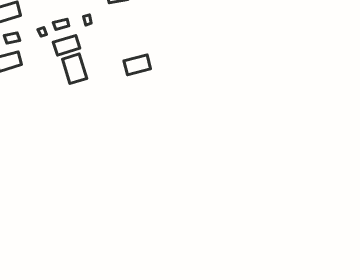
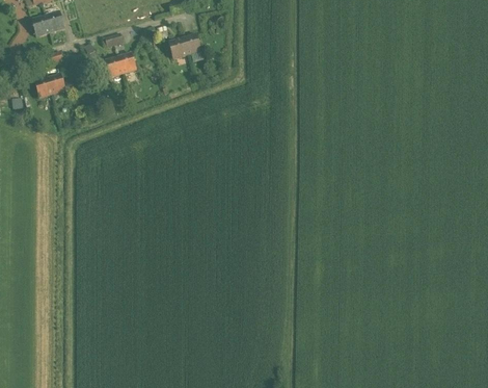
building: [63,54,87,83] -> none
building: [124,55,151,75] -> [168,35,200,59]

